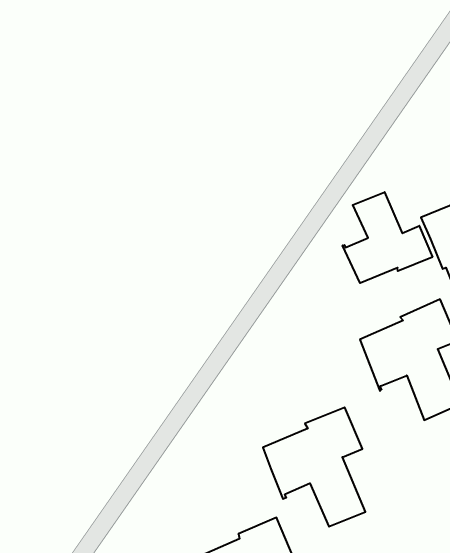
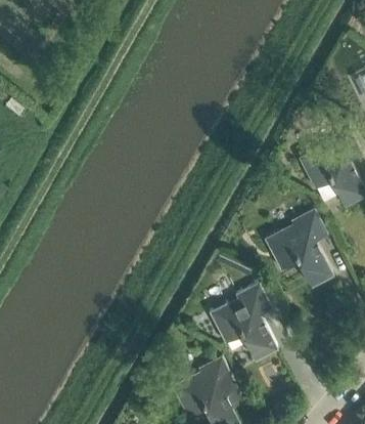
building: [343,192,432,283] -> none

